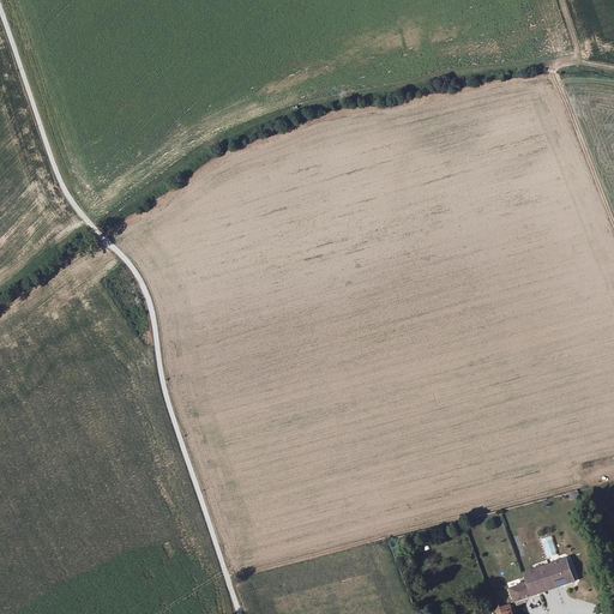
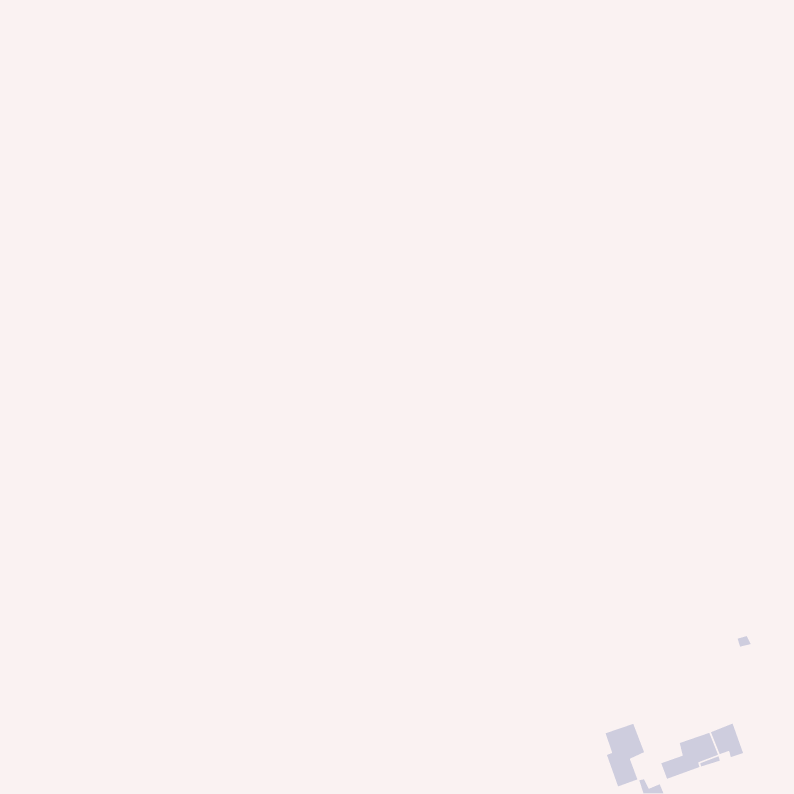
building: none -> [605,723,645,788]

